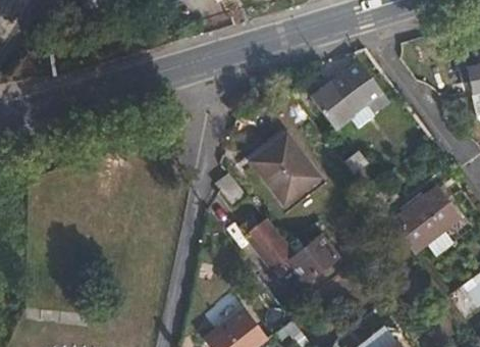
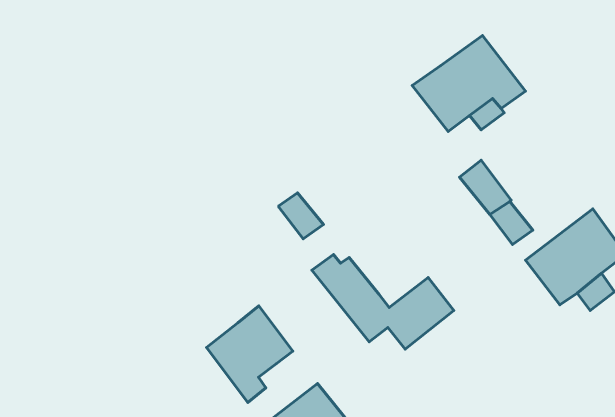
building: [251,132,319,202] -> none
building: none -> [206,306,293,402]

